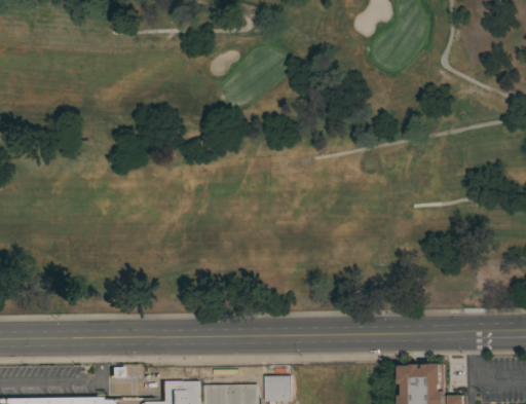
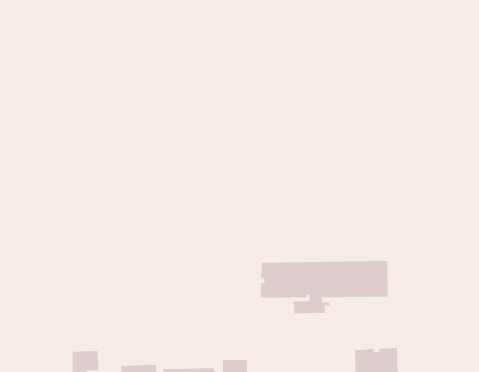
building: none -> [260,260,388,314]

